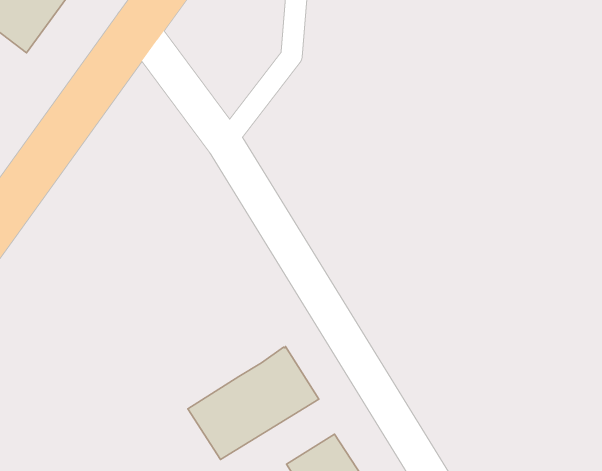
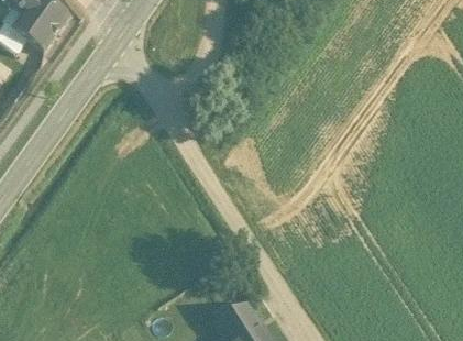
building: [188,346,319,459] -> none

